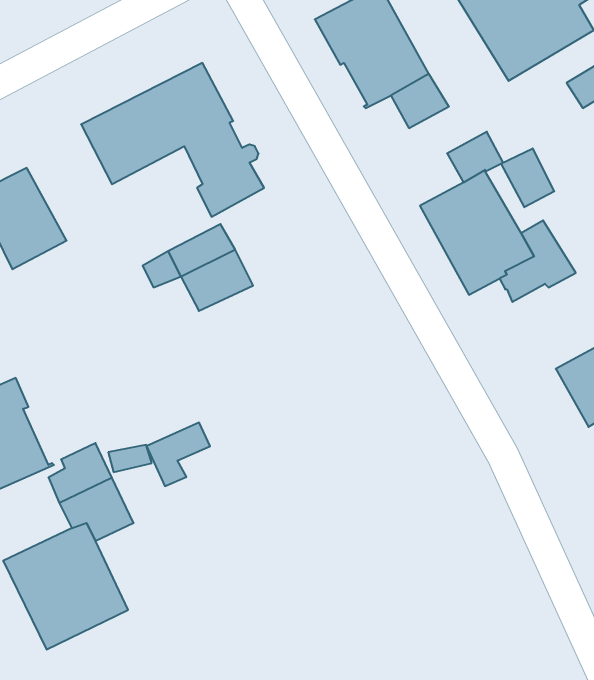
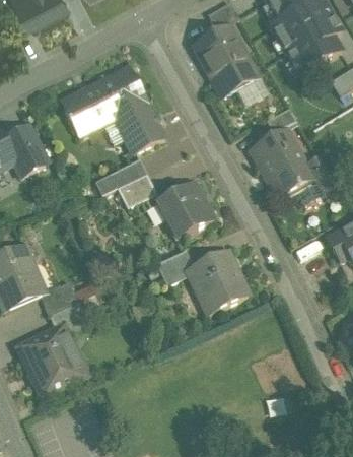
building: [501,148,554,207] -> none
building: none -> [156,180,215,239]
building: none -> [187,250,249,313]
building: [147,423,210,486] -> [156,249,192,284]

